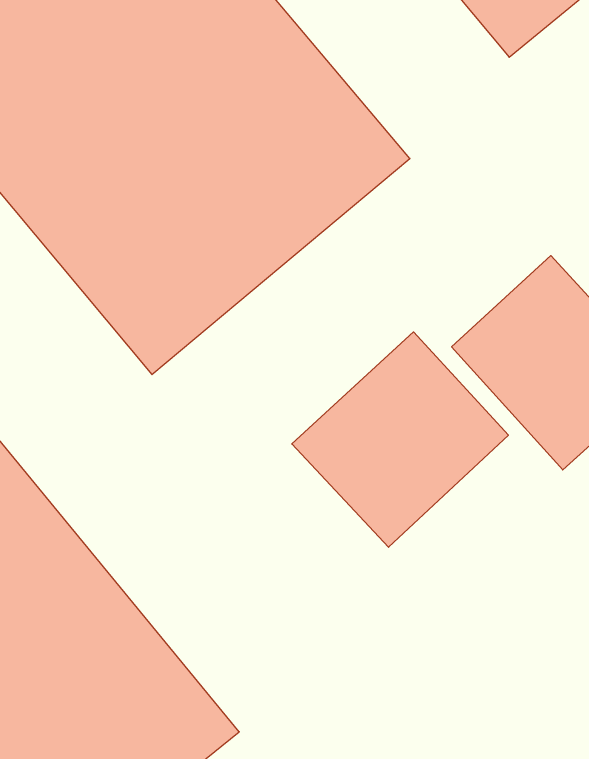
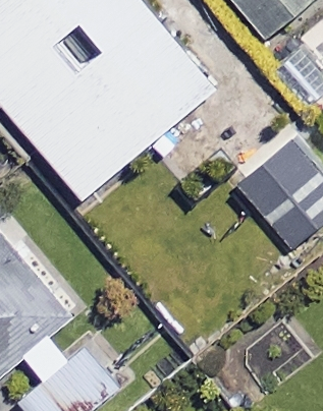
building: [292,332,508,547] -> none

